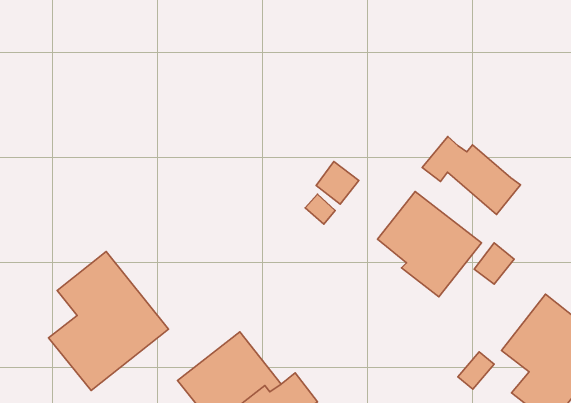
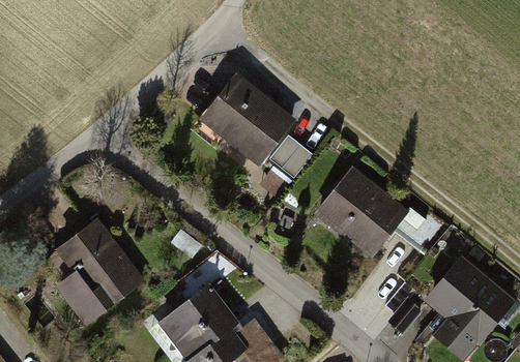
building: none -> [198,73,295,160]
building: [422,136,521,214] -> none

